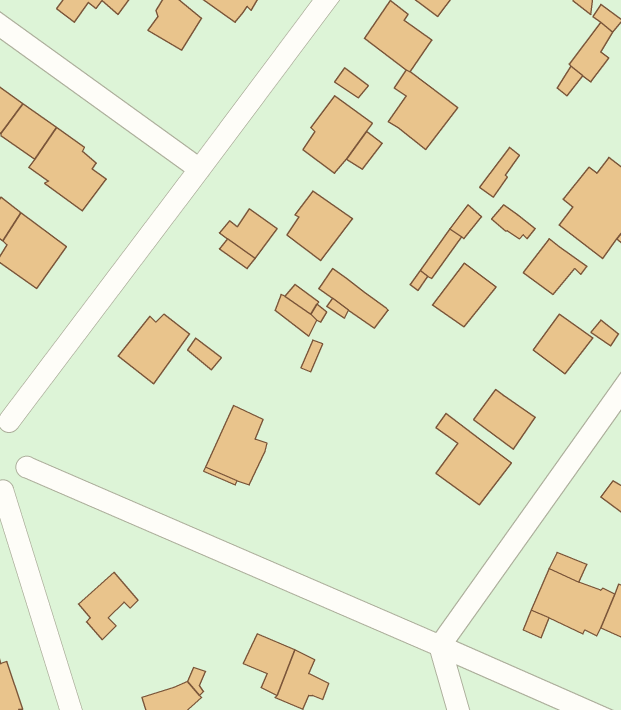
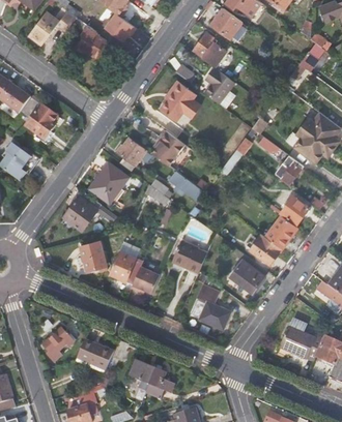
building: none -> [86,161,129,202]
building: [432,263,496,327] -> [264,214,297,247]
building: none -> [171,239,207,273]
building: none -> [80,240,107,270]
building: none -> [130,265,159,292]
building: none -> [196,282,231,329]
building: none -> [76,339,113,372]

